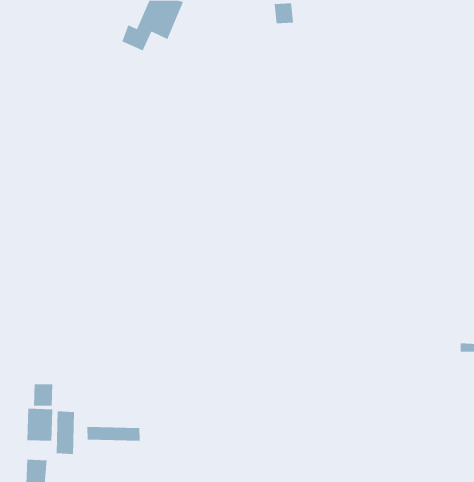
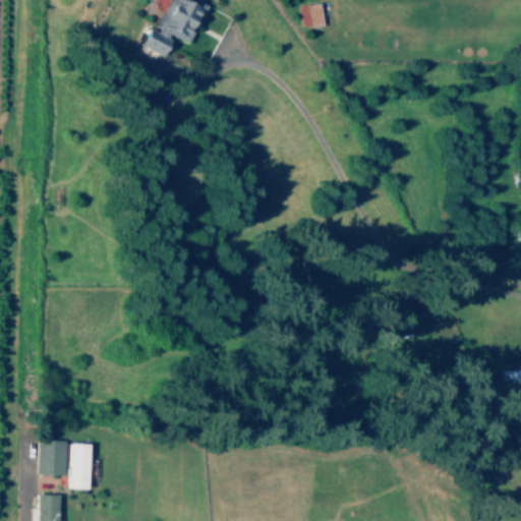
building: [33,384,53,406] -> none
building: [87,426,140,442] -> none

